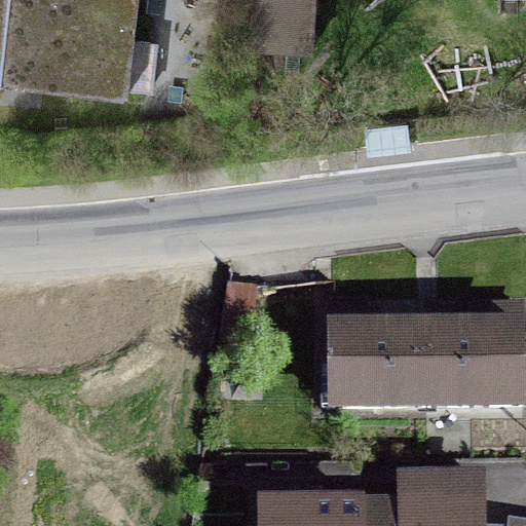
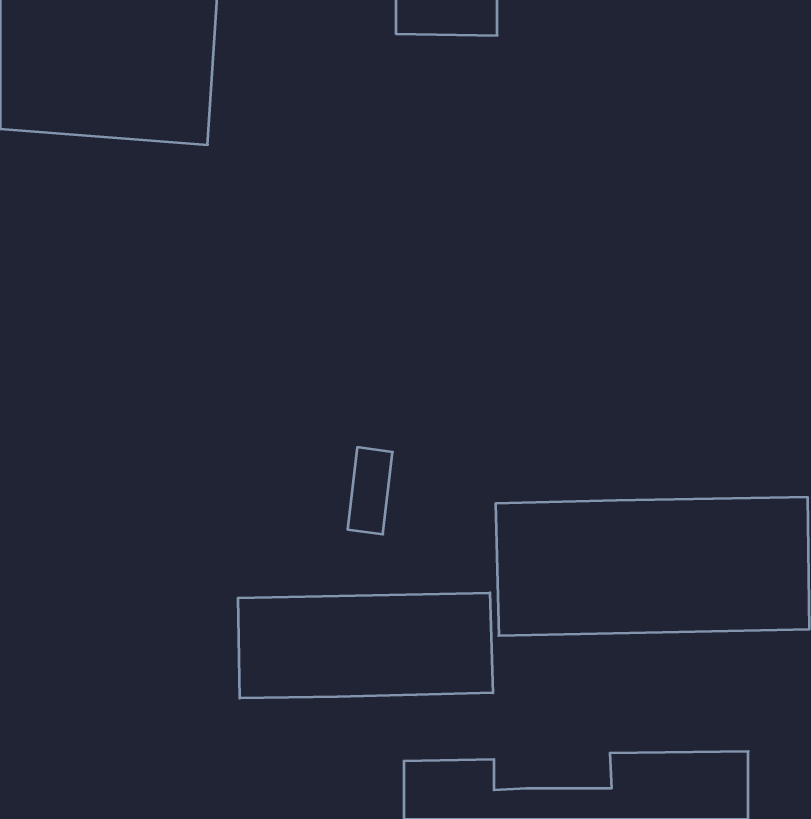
building: none -> [238,593,493,698]

